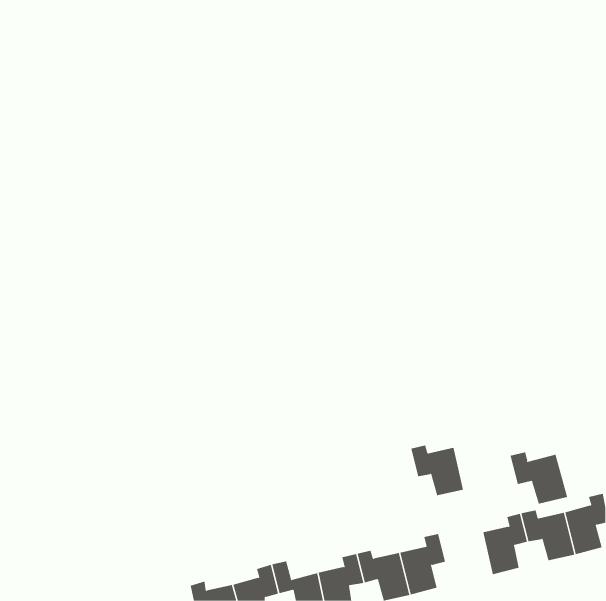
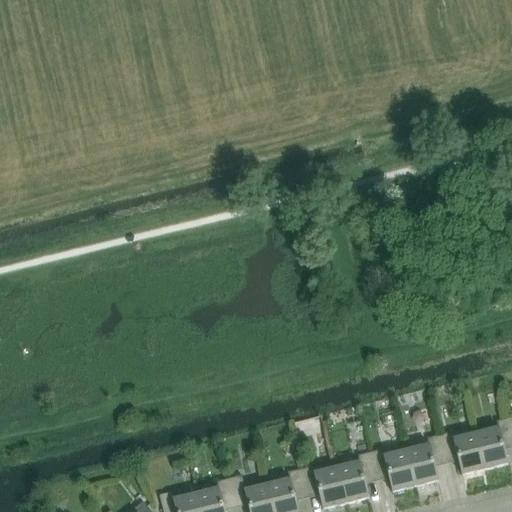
building: [410,445,464,496] -> [370,447,415,490]
building: [510,451,568,505] -> none

